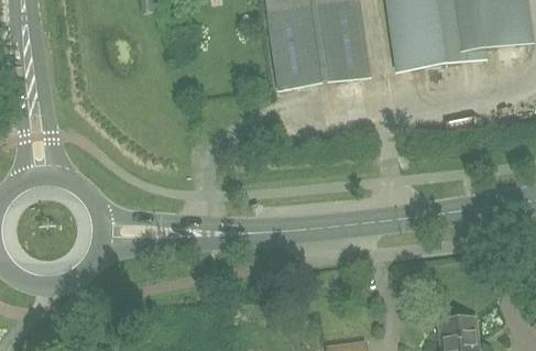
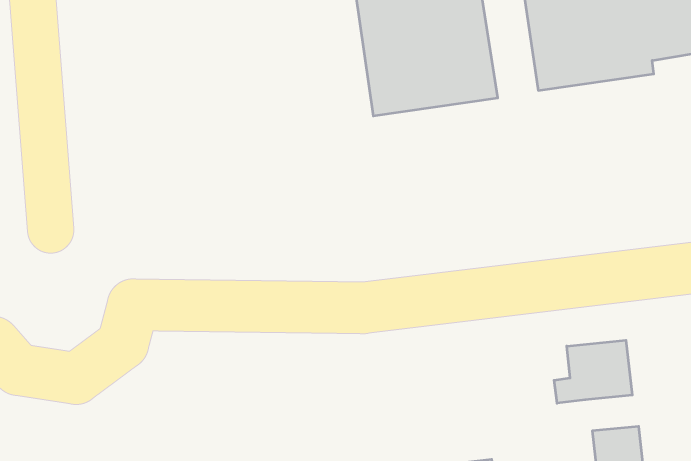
building: none -> [554,340,632,403]

